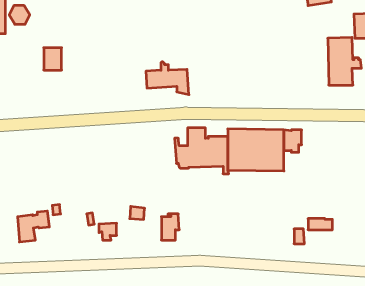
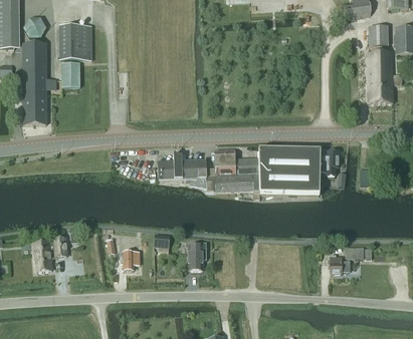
building: none -> [58,25,91,60]
building: none -> [368,25,388,45]
building: none -> [22,41,56,123]
building: [146,62,189,95] -> [157,151,203,187]

